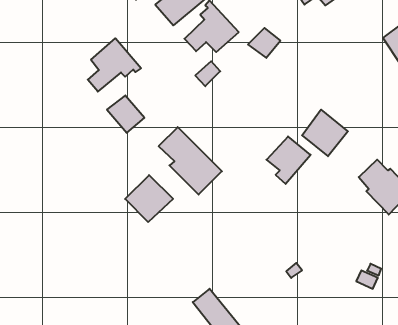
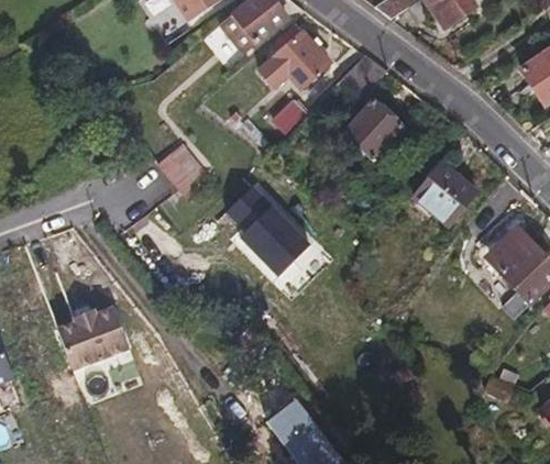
building: [88,38,141,92] -> none
building: [266,136,311,184] -> [342,101,400,164]
building: [125,175,173,222] -> none
building: none -> [54,301,128,367]

